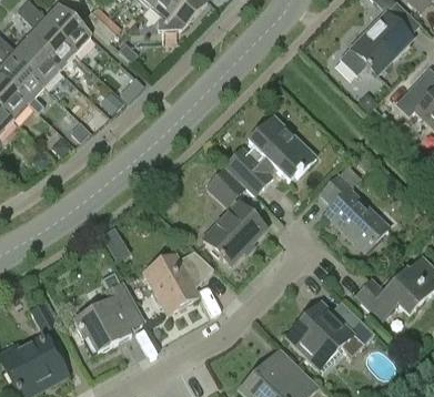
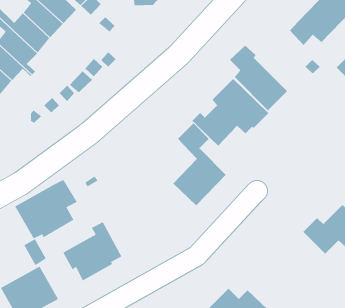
building: [320,173,388,251] -> [229,45,288,111]
building: none -> [14,179,77,239]
building: [145,248,213,312] -> none
building: [285,301,374,367] -> none

